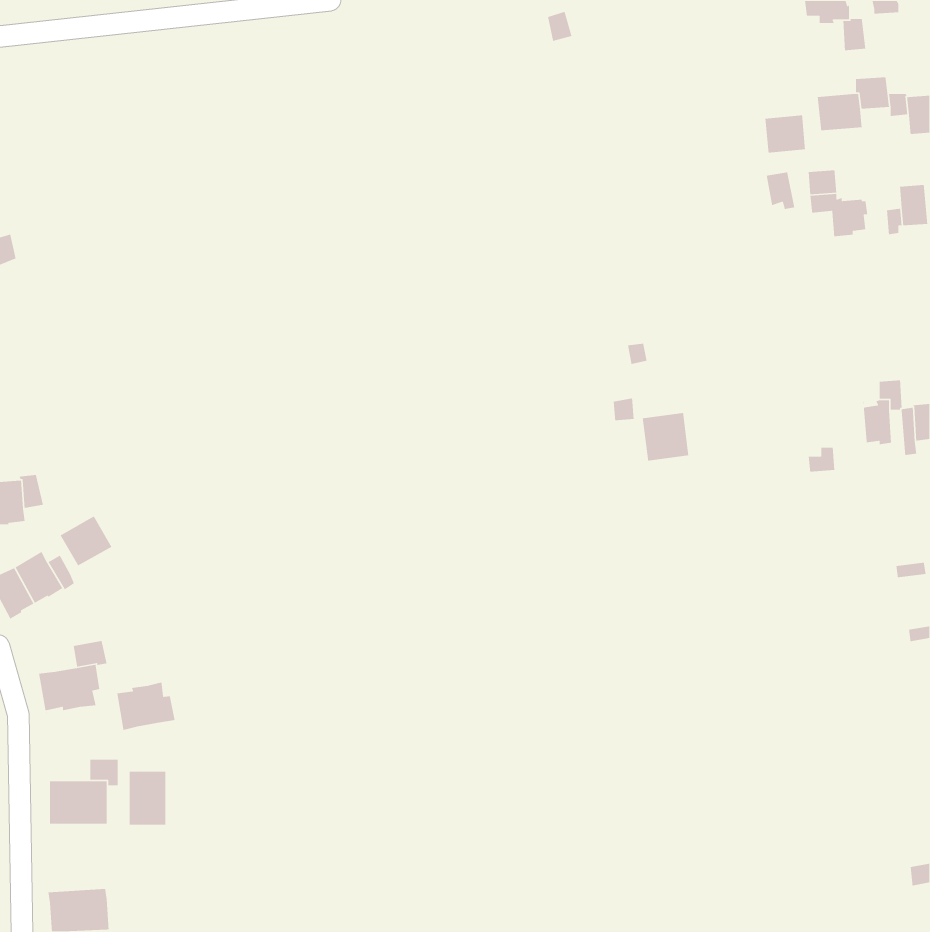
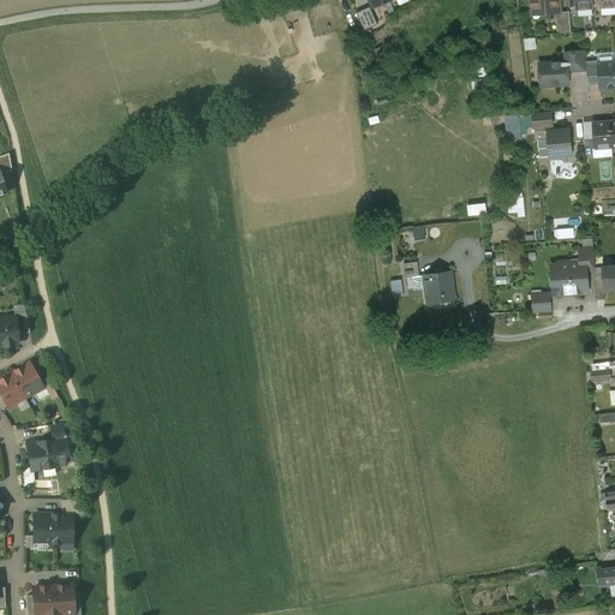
building: [765,114,806,153] -> none
building: none -> [550,264,571,294]
building: [59,516,112,567] -> none
building: [116,681,176,731] -> none
building: [129,771,166,826] -> none

